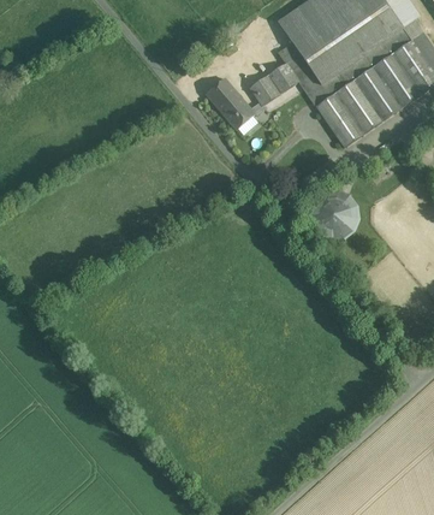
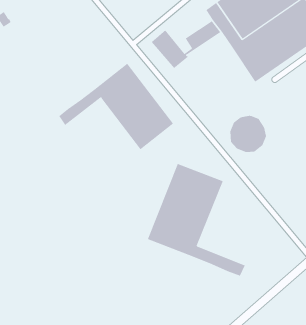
building: none -> [58,63,174,150]
building: none -> [147,163,246,277]

